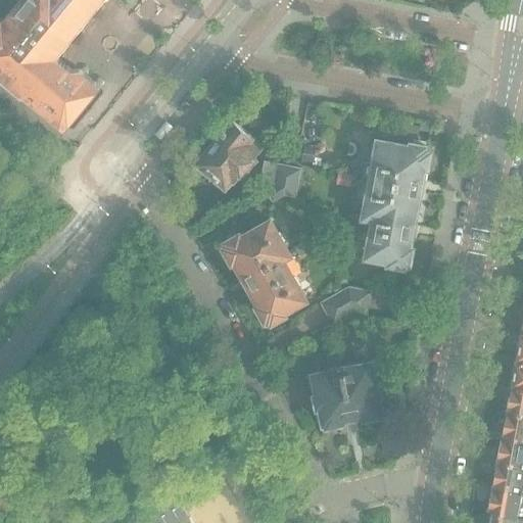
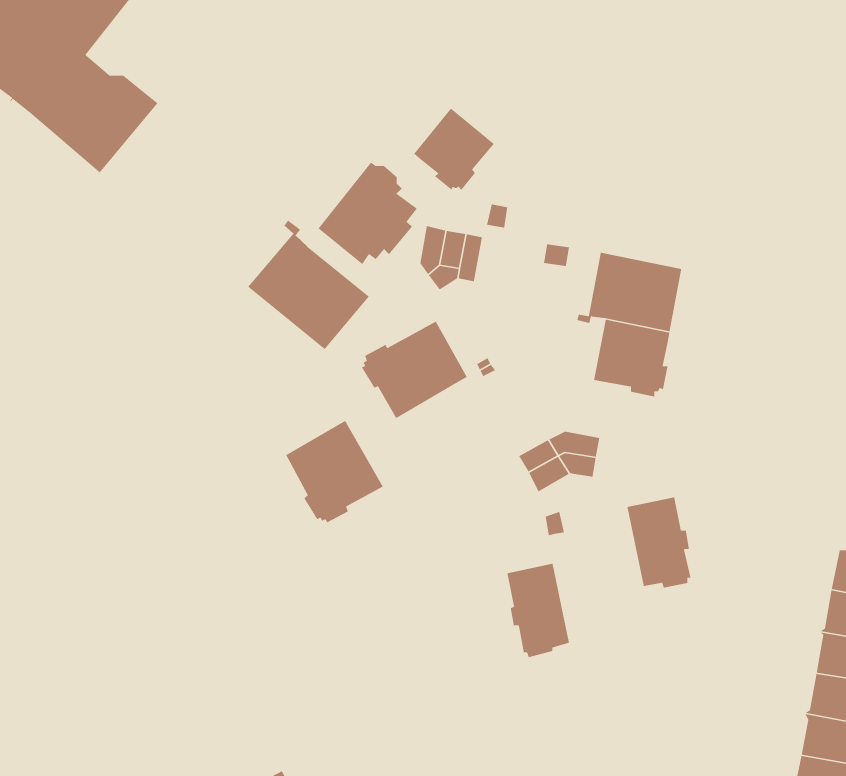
building: none -> [413,107,495,191]
building: [370,142,429,190] -> none
building: none -> [247,220,370,350]
building: [245,260,305,324] -> [285,420,384,523]
building: [341,364,381,420] -> [626,496,692,588]

